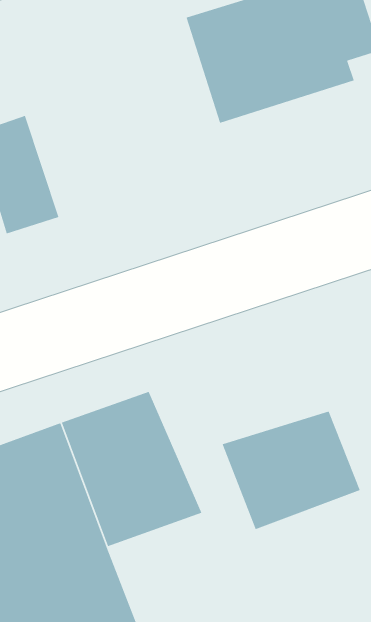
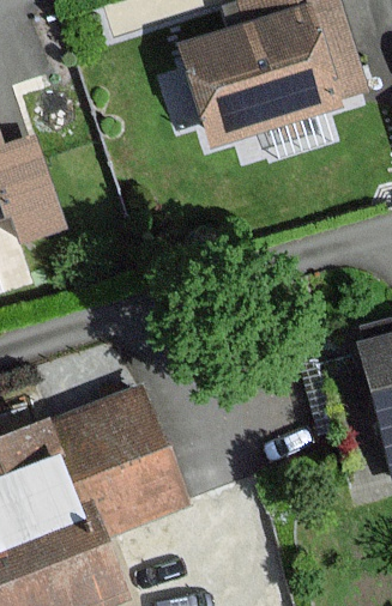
building: [221,410,361,530] -> none

